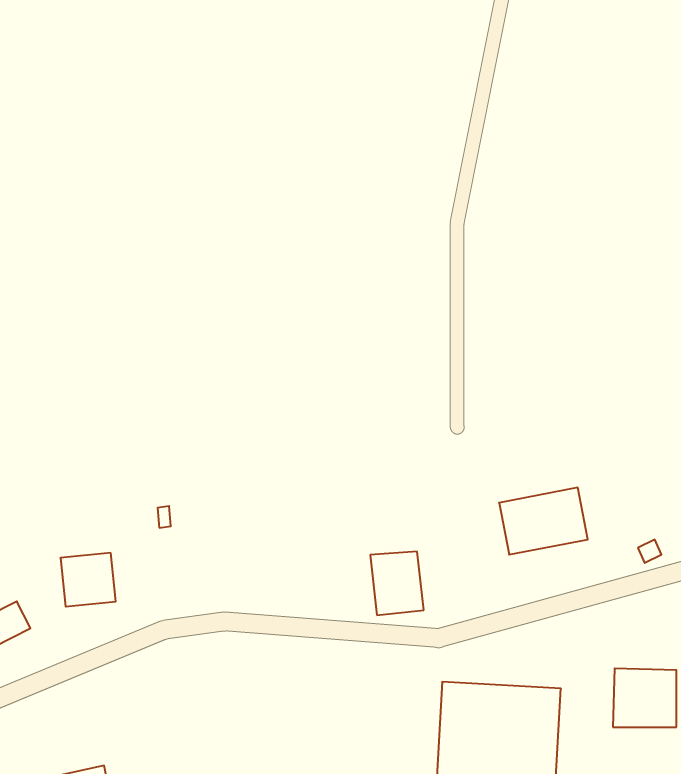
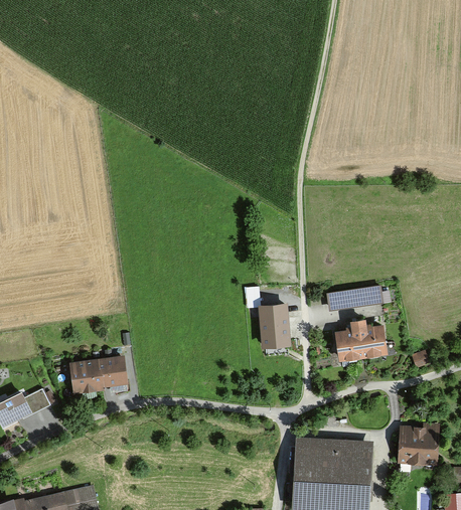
building: none -> [328,286,383,308]
building: none -> [105,357,128,383]
building: [370,552,424,615] -> [263,307,295,345]

